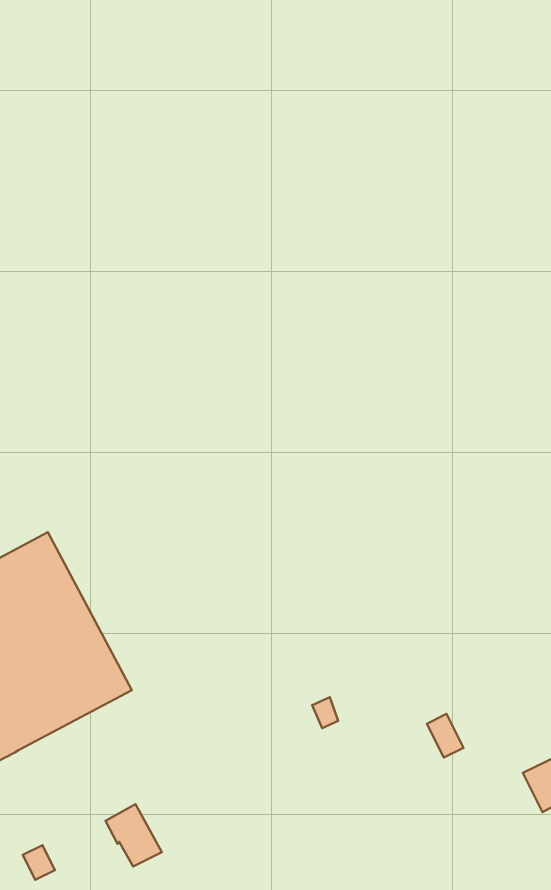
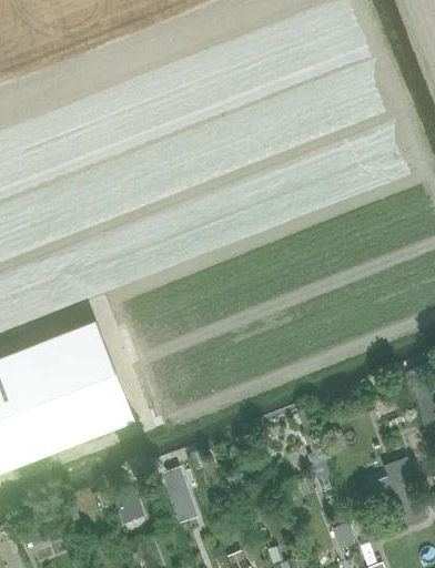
building: none -> [160,469,195,526]

